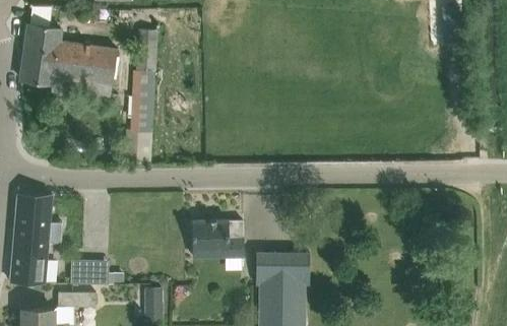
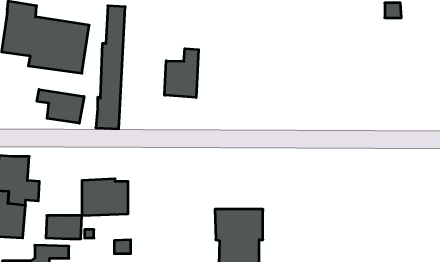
building: none -> [165,49,199,98]
building: none -> [37,89,84,123]
building: [192,217,243,258] -> [82,179,128,216]

